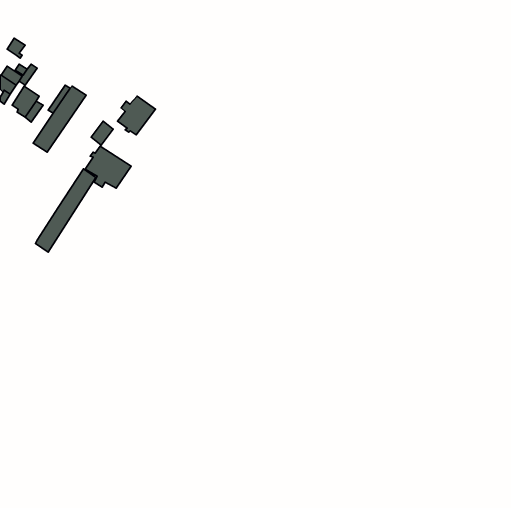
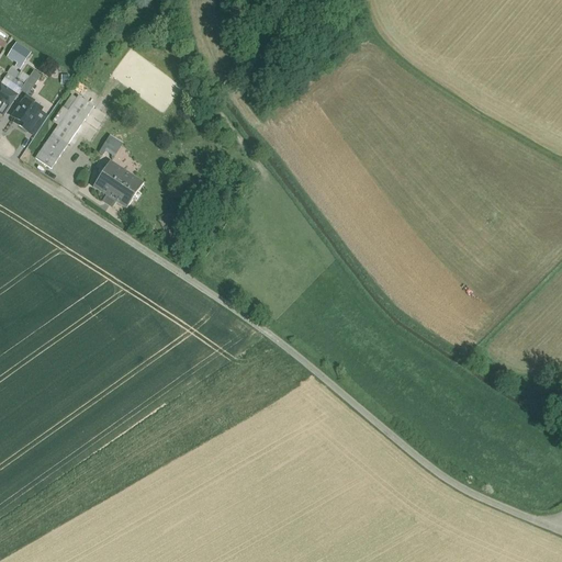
building: [117,96,155,135] -> none
building: [36,169,96,252] -> none

